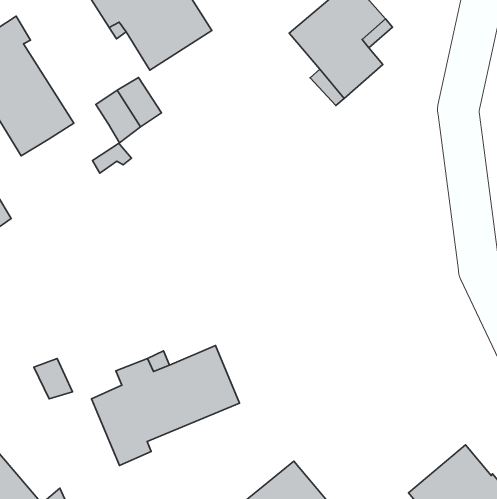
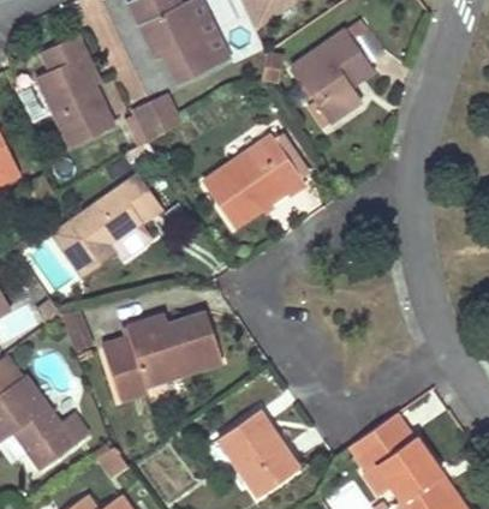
building: none -> [203,136,303,226]
building: none -> [53,173,163,282]

